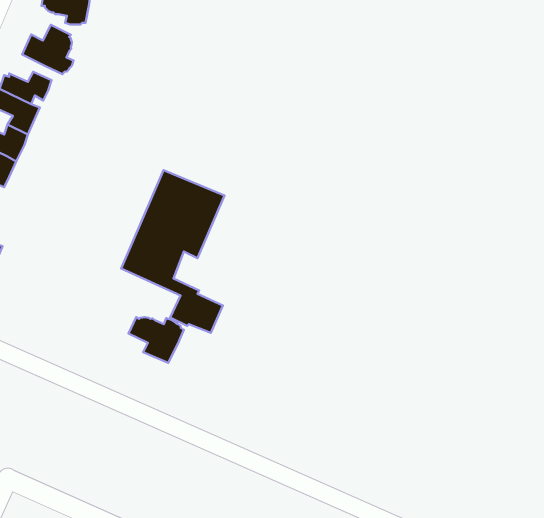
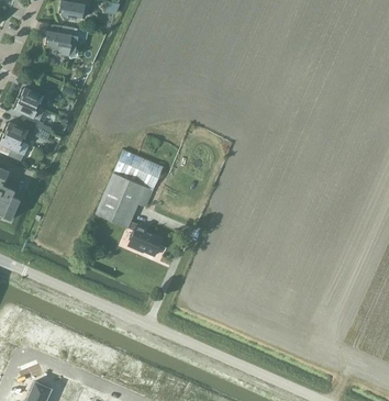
building: [22,25,74,74] -> none
building: [128,317,184,363] -> none

